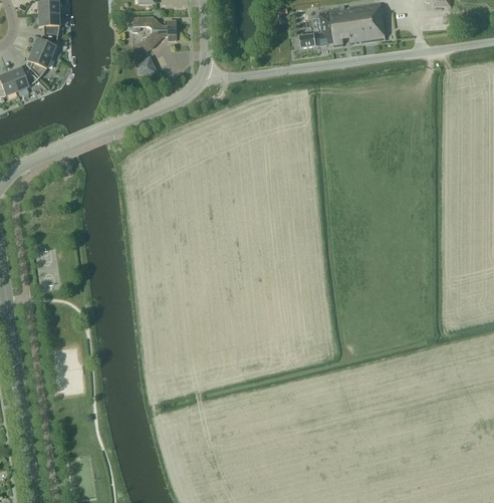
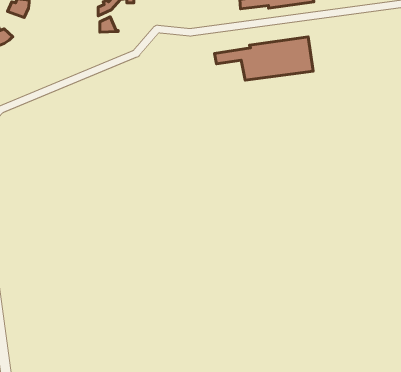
building: [27,50,50,78] -> none
building: none -> [214,37,313,80]

